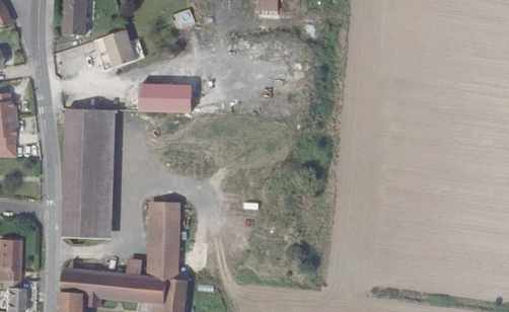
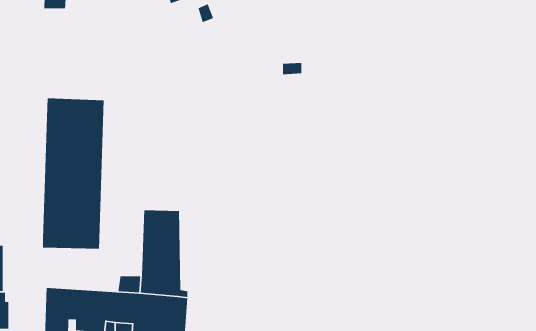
building: [100,30,132,68] -> none
building: [137,84,187,112] -> none

